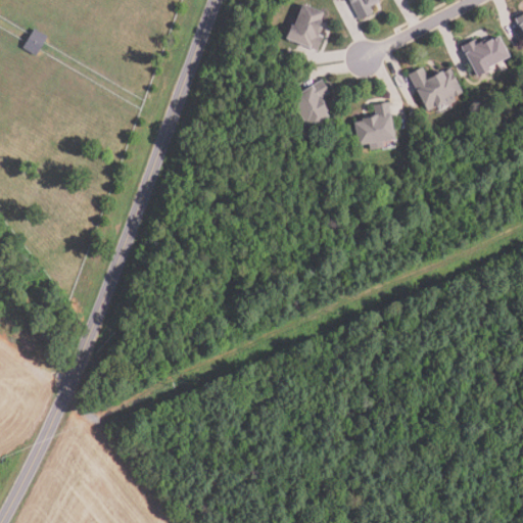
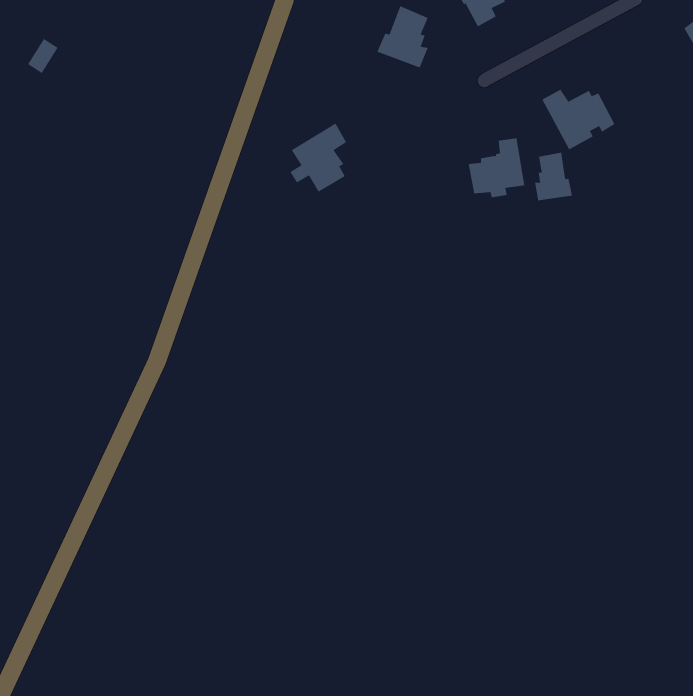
building: [462,37,509,77] -> none
building: [288,79,331,131] -> [290,123,347,193]
building: none -> [534,152,572,201]

